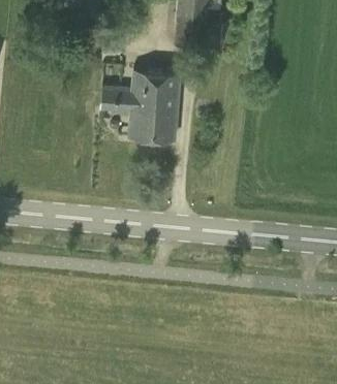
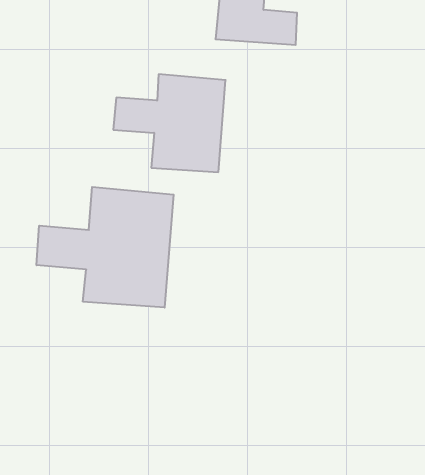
building: none -> [37,187,174,308]

